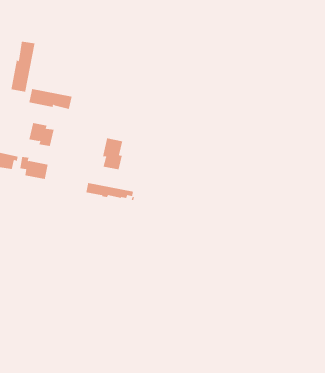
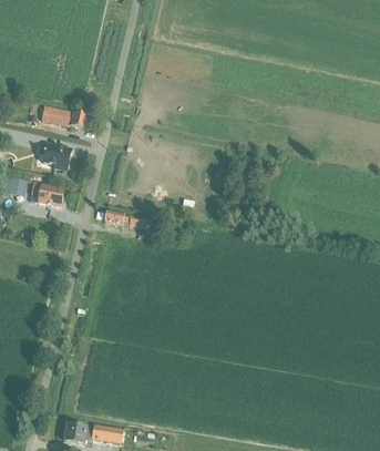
building: [11,41,35,92] -> none
building: [103,138,123,170] -> none

